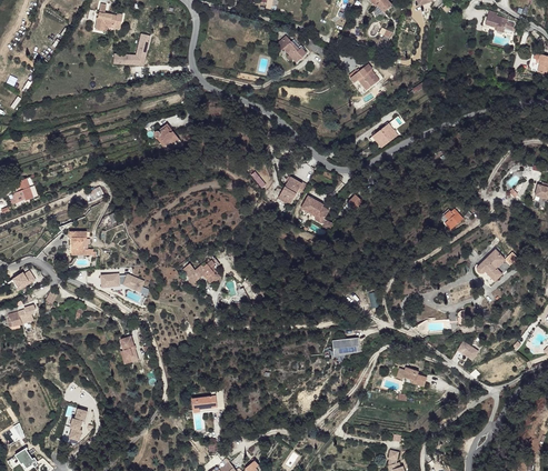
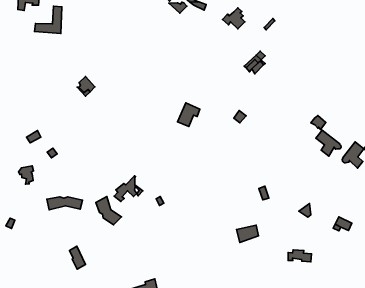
building: [299,193,331,228] -> none
building: none -> [316,130,341,156]
building: none -> [96,197,121,225]

